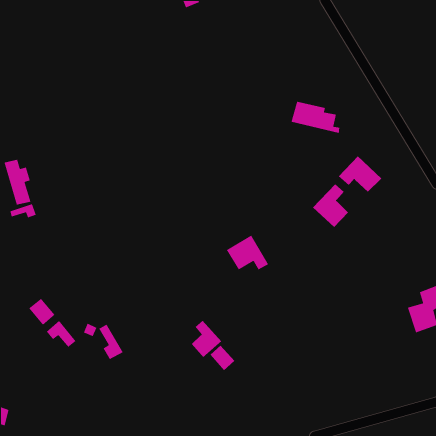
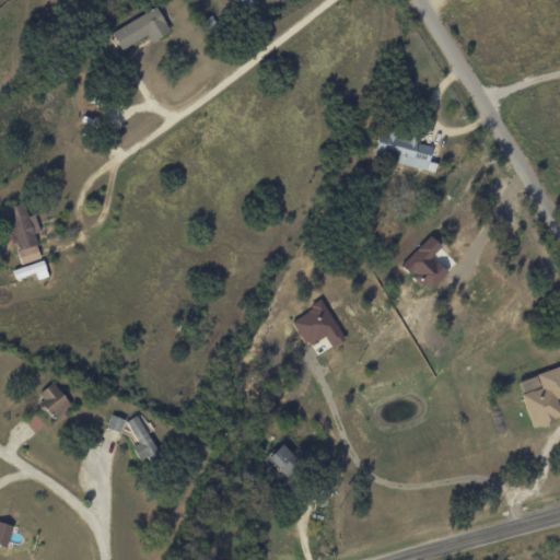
building: none -> [112,7,171,49]
building: [338,156,382,193] -> none
building: [191,320,222,358] -> none
building: [46,320,77,348] -> none

